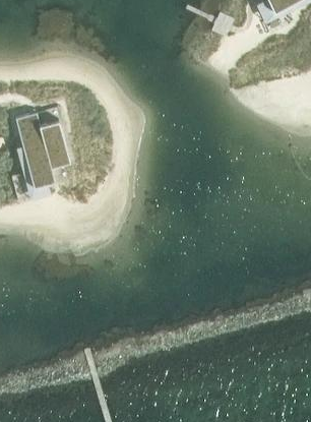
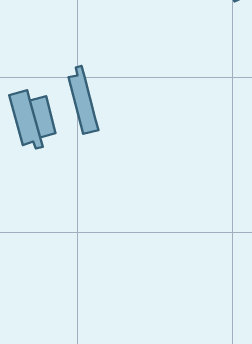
building: none -> [69,66,99,134]

